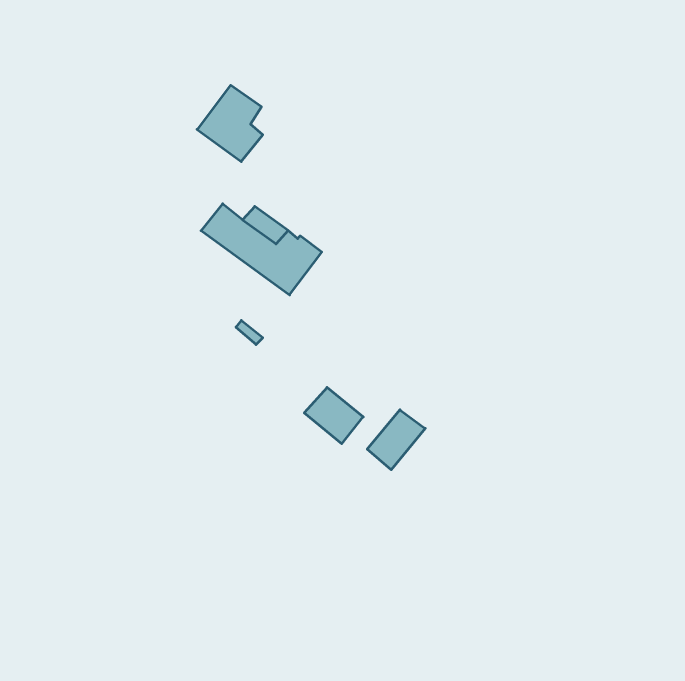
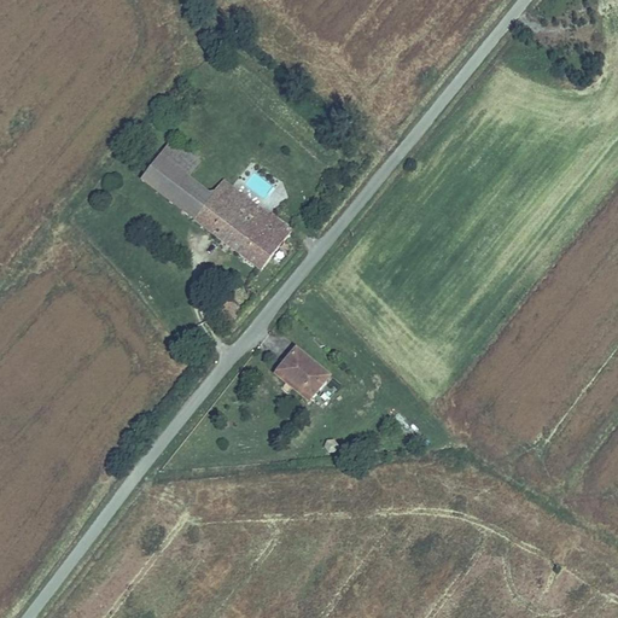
building: [197,85,263,162] -> [141,139,200,208]
building: [367,410,425,470] -> none

